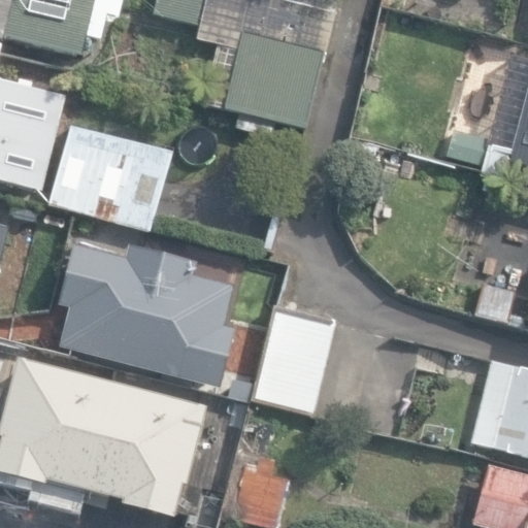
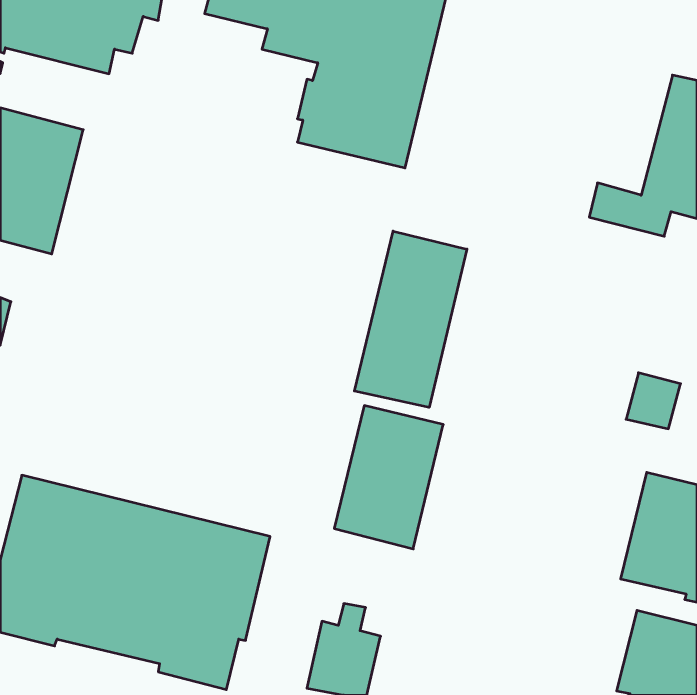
building: [47,125,169,231] -> none
building: none -> [354,231,467,407]
building: [59,245,234,386] -> none

